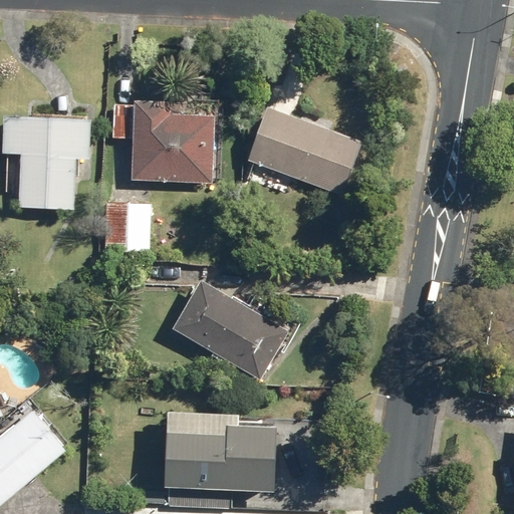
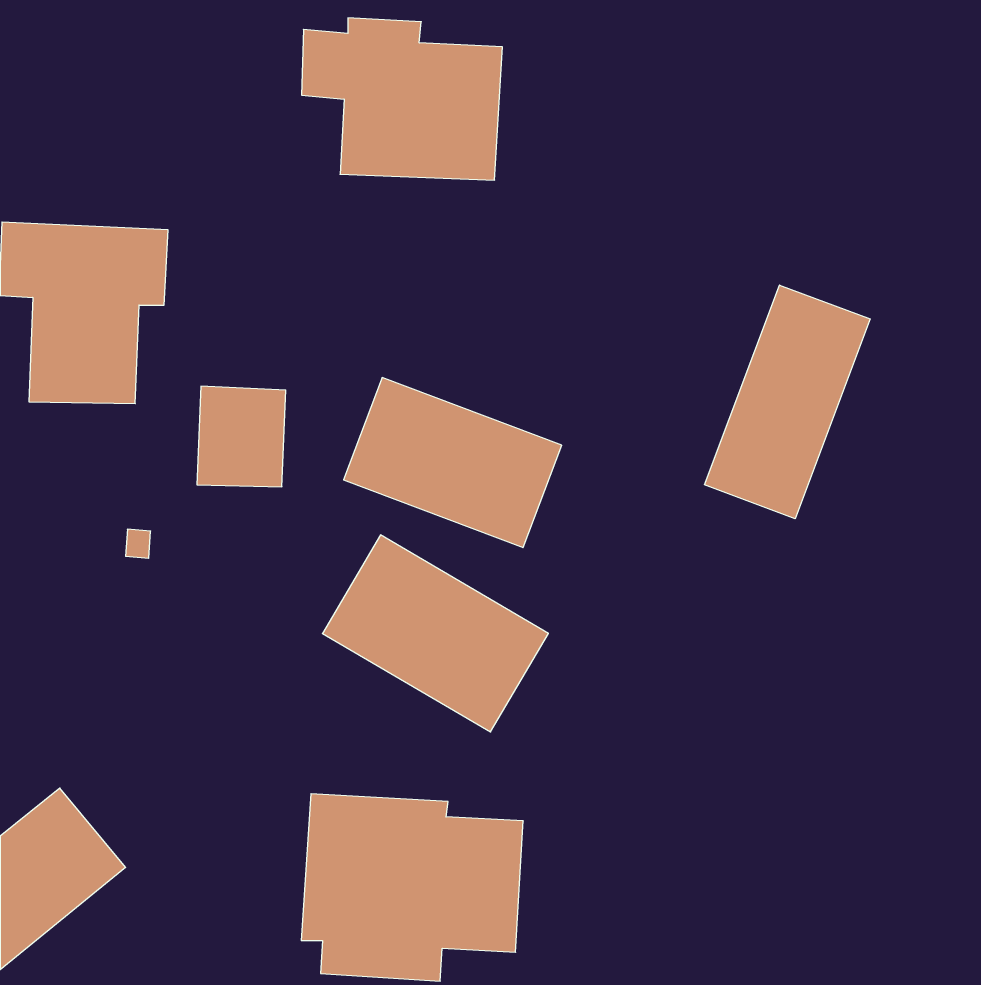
building: [110,97,215,182] -> [302,18,502,180]
building: [245,105,358,194] -> [344,378,562,548]
building: none -> [704,285,870,519]

